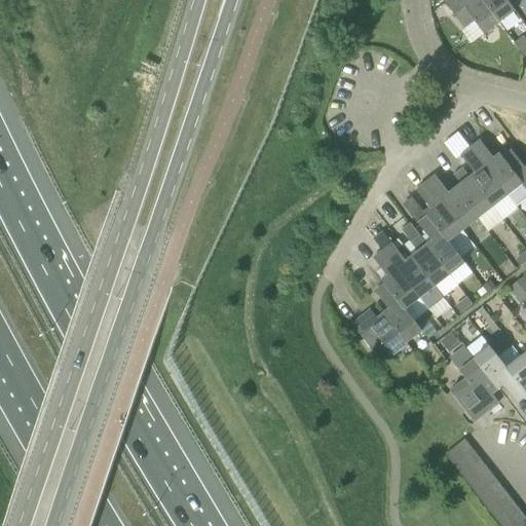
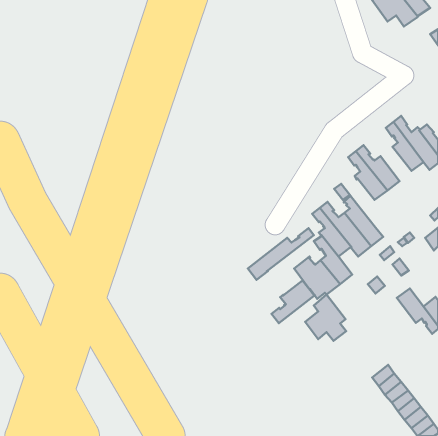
building: [455,166,493,217] -> none
building: [419,214,465,272] -> none
building: none -> [248,228,314,280]
building: none -> [272,280,315,323]
building: [450,356,499,412] -> [305,294,346,341]

